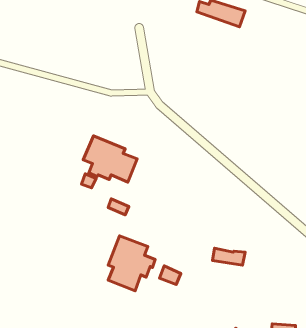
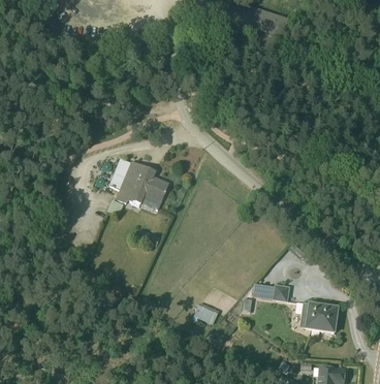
building: [108,236,155,291] -> none
building: none -> [299,301,339,332]

